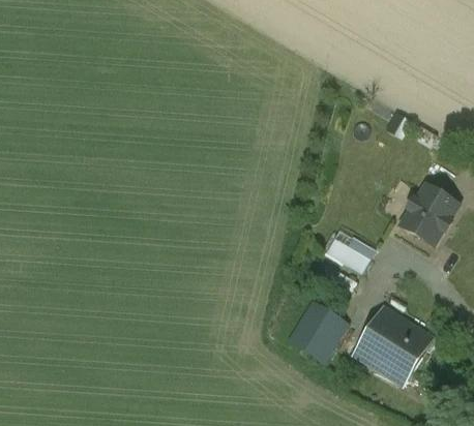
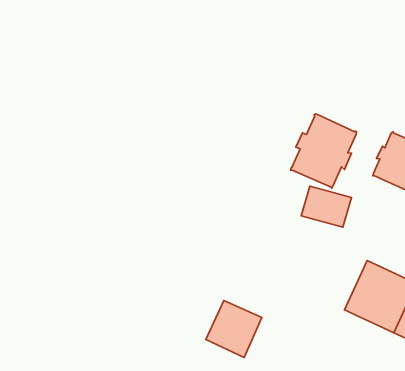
building: none -> [290,114,356,188]
building: [288,301,346,360] -> [206,300,262,358]

